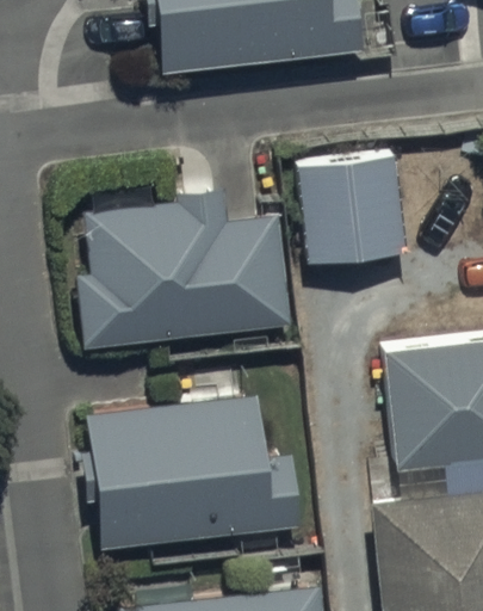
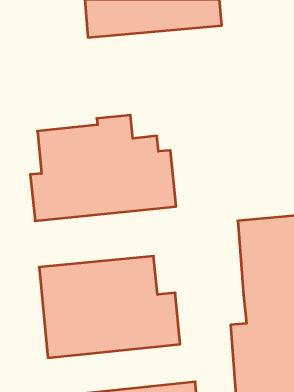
building: [299,158,404,261] -> none

